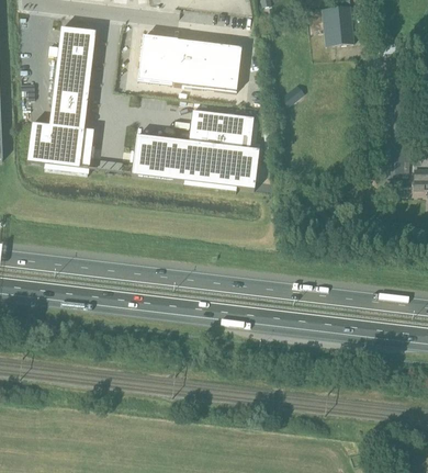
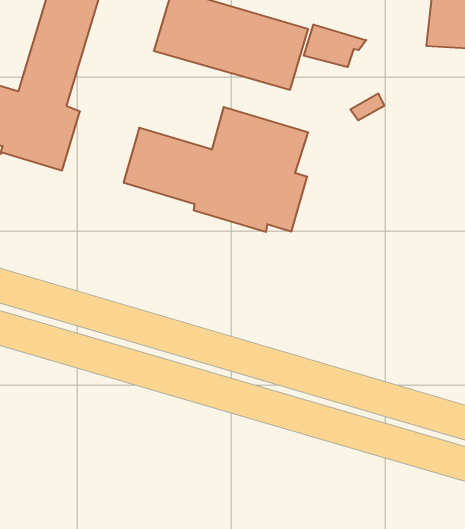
building: none -> [304,24,366,67]

